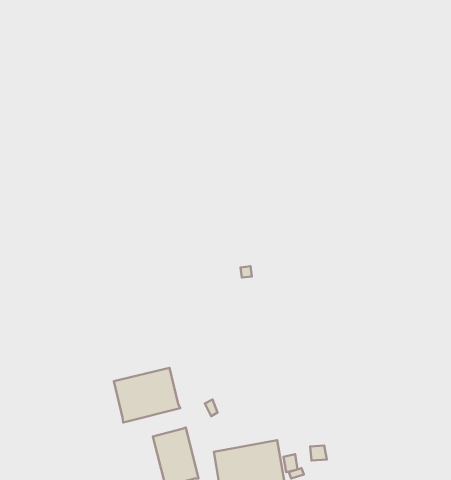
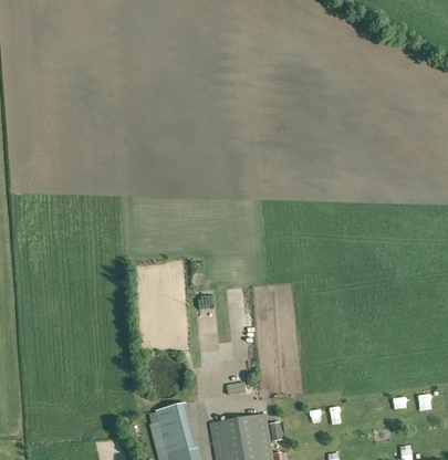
building: [114,368,180,422] -> none

